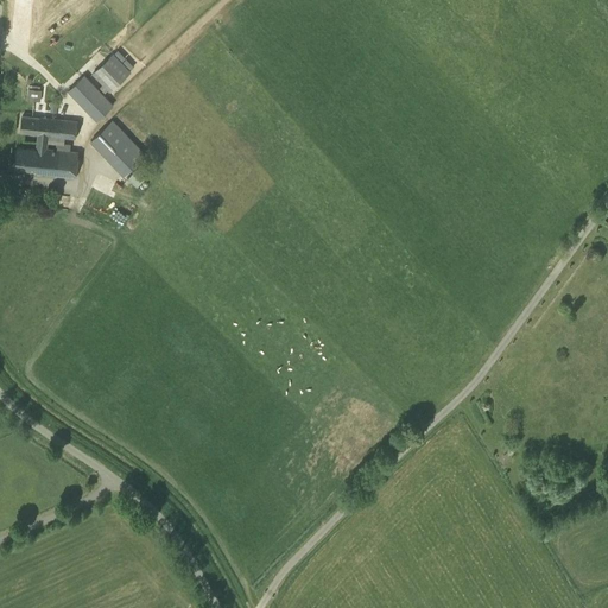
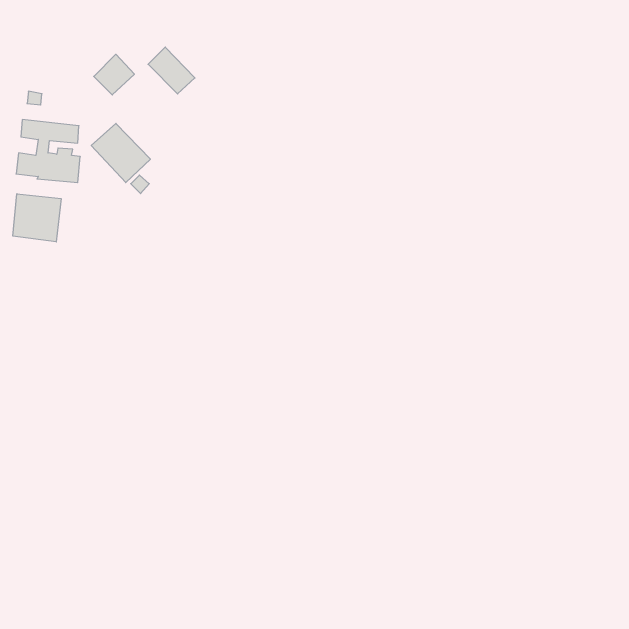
building: [66,76,112,121] -> [148,47,195,94]
building: none -> [13,194,61,242]

